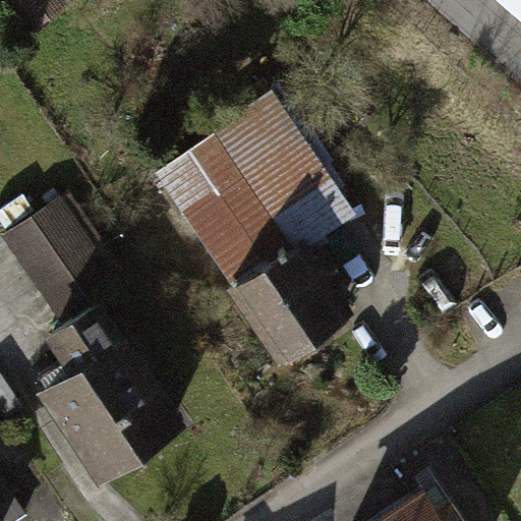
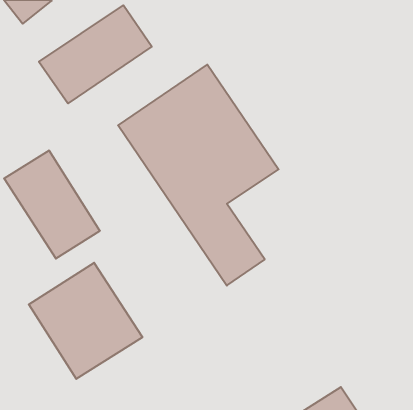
building: none -> [39,5,152,103]

